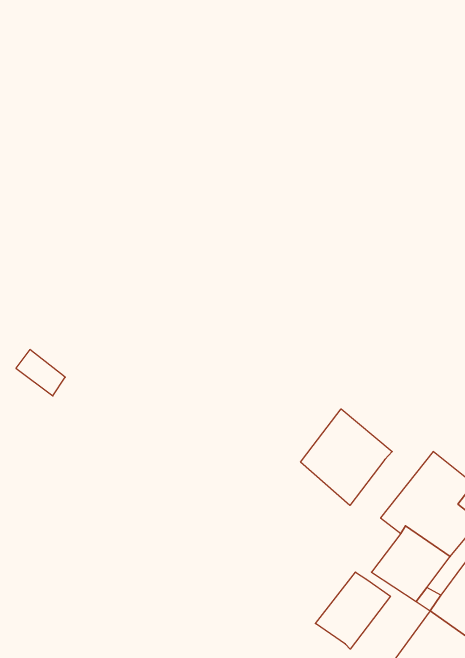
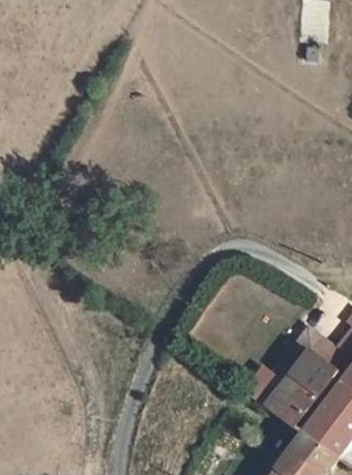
building: [301,409,392,505] -> none
building: [315,572,390,649] -> none

